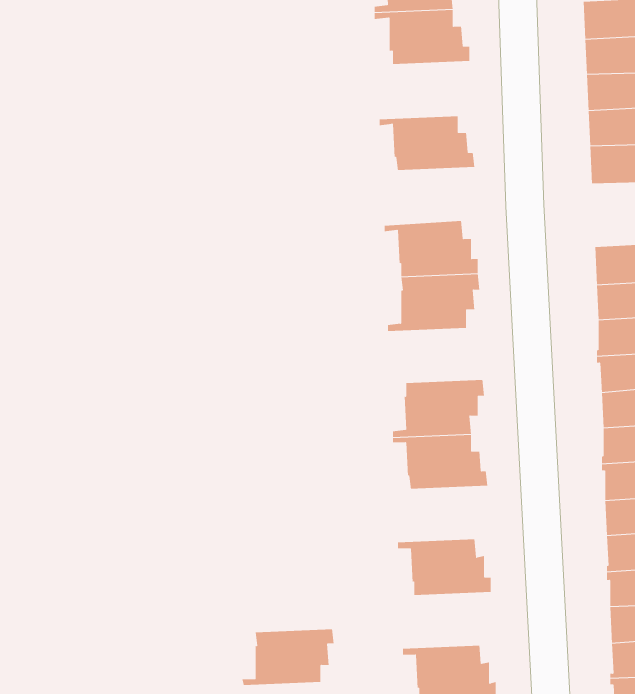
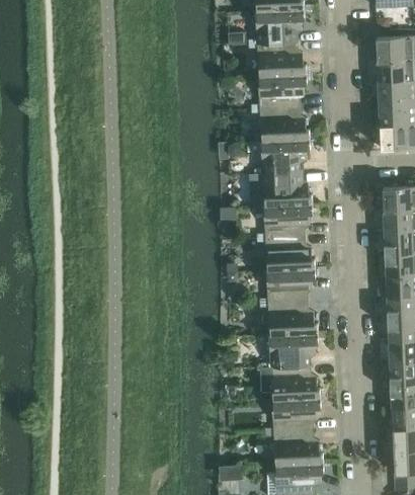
building: none -> [251,74,307,109]
building: none -> [253,139,310,174]
building: none -> [256,237,315,270]
building: none -> [262,333,318,367]
building: [242,629,335,685] -> [264,398,321,432]

